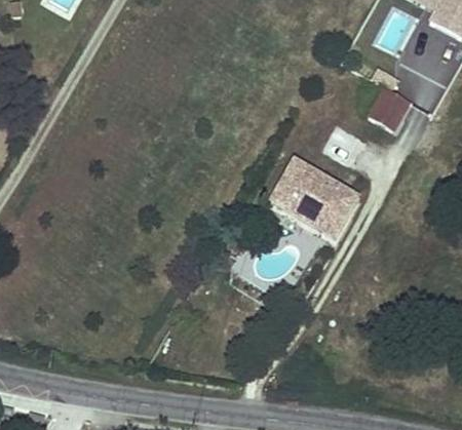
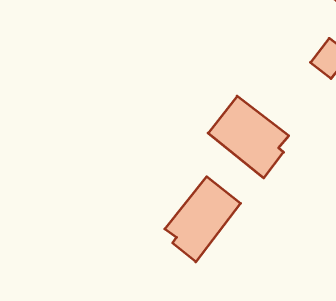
building: none -> [165,177,241,262]

